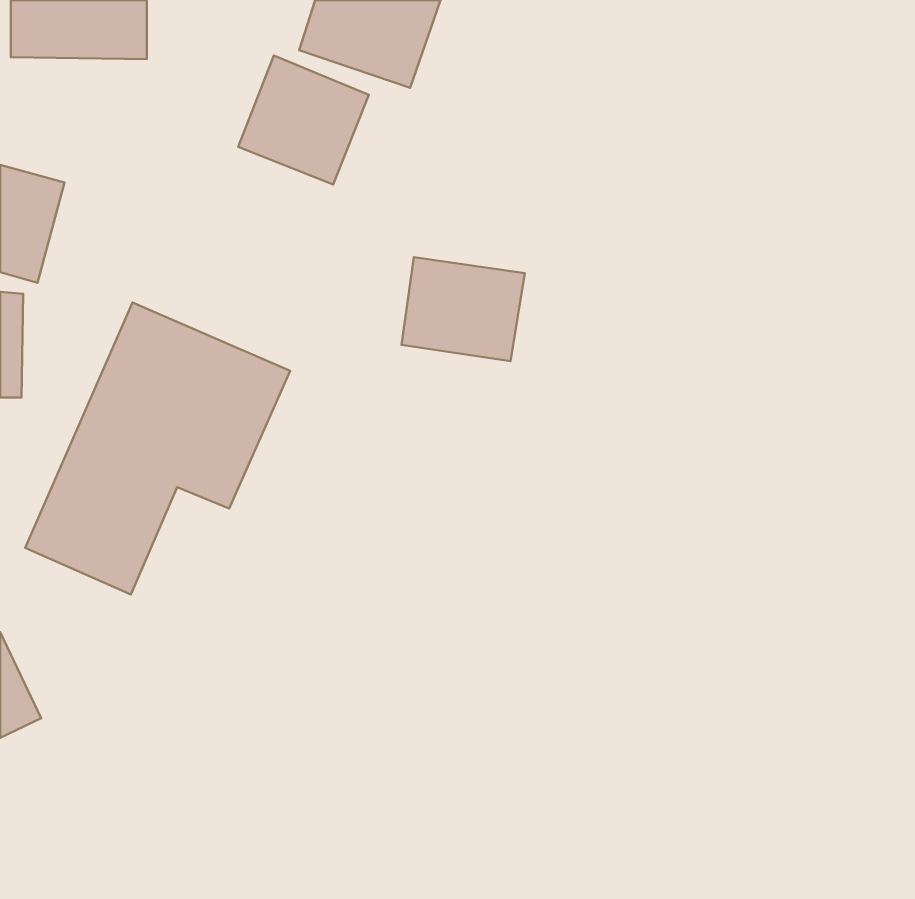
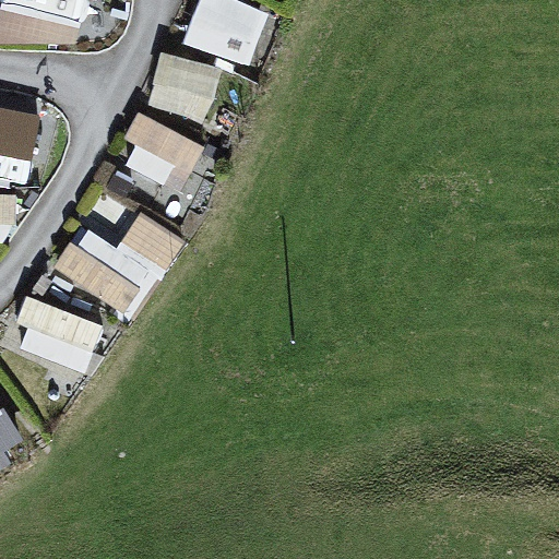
building: [401,257,525,361] -> [127,117,202,180]

